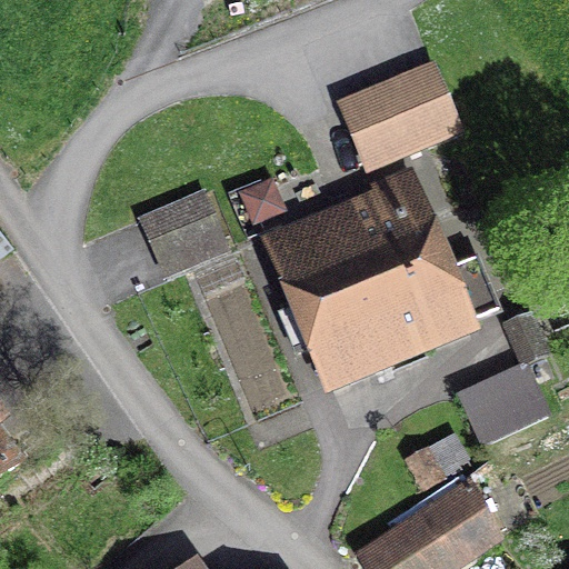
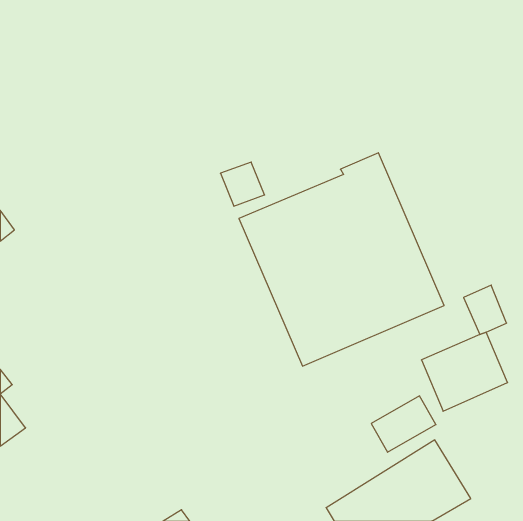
building: [336,59,466,174] -> none
building: [138,184,238,280] -> none

